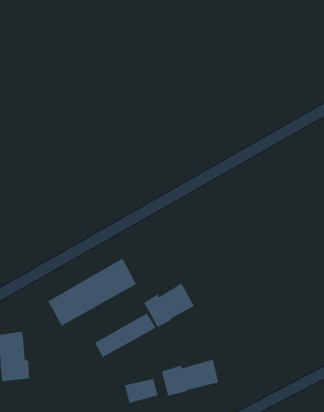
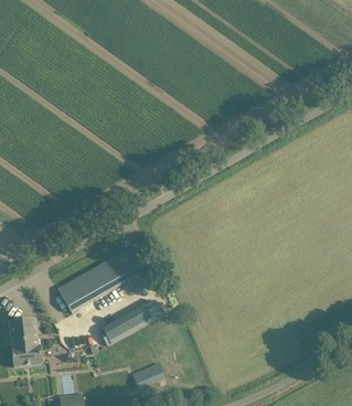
building: [143,283,194,328] -> none
building: [161,359,219,396] -> none

